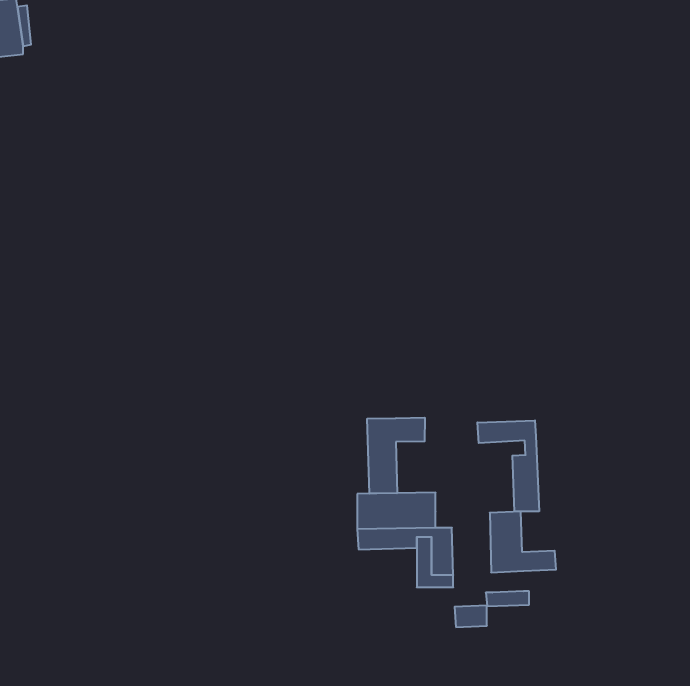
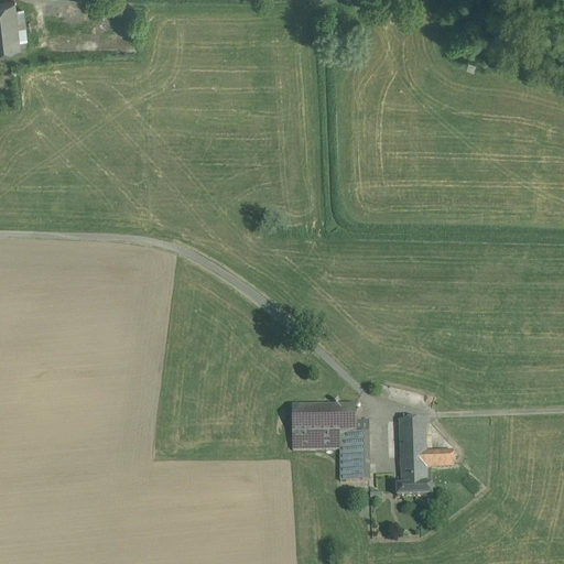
building: [367,418,425,494] -> none
building: [477,420,539,511] -> none
building: [455,605,487,627] -> [400,465,426,482]

